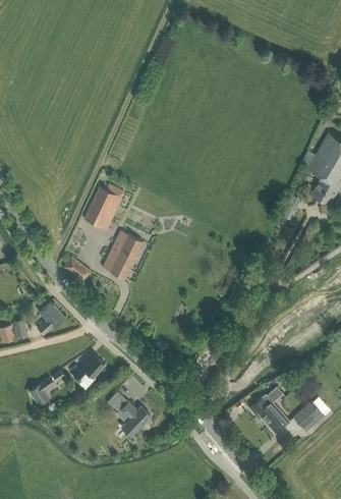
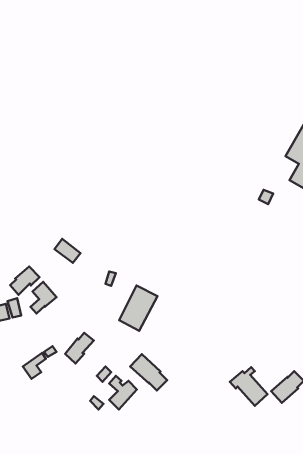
building: [83,183,125,230] -> none
building: [103,230,144,278] -> [119,286,157,331]
building: none -> [10,266,39,295]
building: none -> [130,354,167,390]

